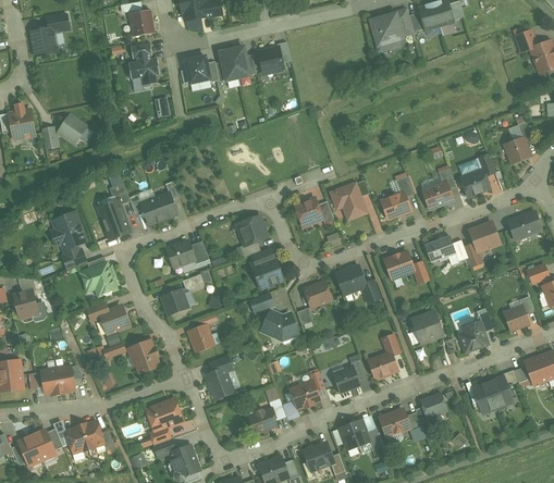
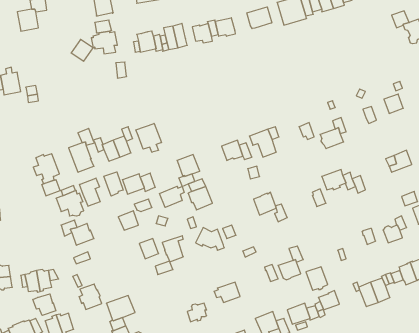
building: none -> [247,7,272,29]
building: none -> [216,18,235,36]
building: [58,114,86,143] -> [71,39,93,61]
building: [460,169,490,196] -> none
building: none -> [136,123,161,152]
building: [382,191,410,218] -> none
building: [469,221,500,251] -> none
building: none -> [104,172,123,196]
building: none -> [80,178,100,206]
building: [384,250,414,275] -> none
building: none -> [160,186,184,207]
building: [304,281,331,306] -> none
building: [13,289,38,318] -> none
building: [414,311,442,342] -> [306,267,328,290]
building: [459,320,488,351] -> none
building: [131,339,160,372] -> [79,284,102,309]
building: [206,364,233,398] -> [162,236,183,262]
building: [333,366,359,392] -> none
building: none -> [33,294,56,315]

